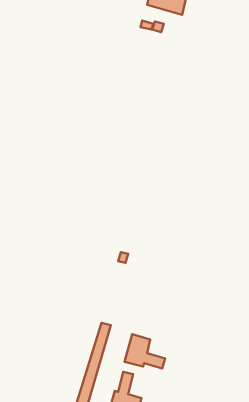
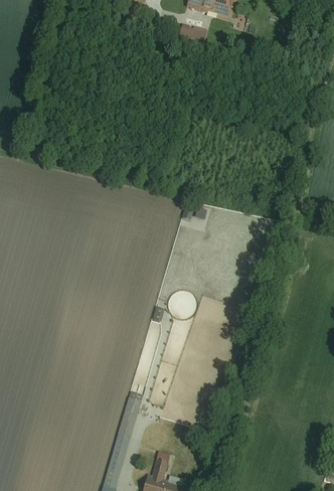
building: [125,334,165,369] -> none

